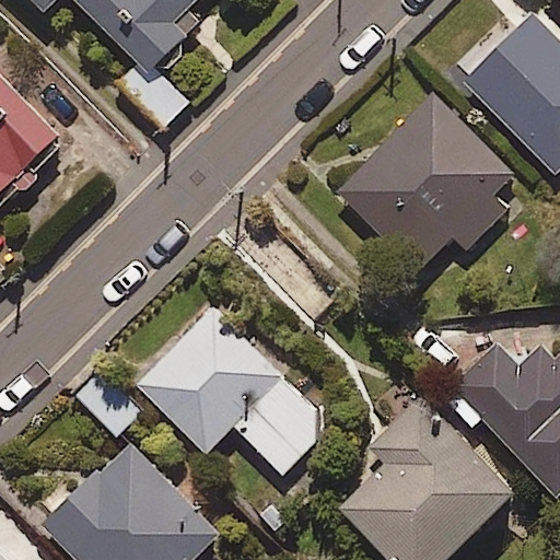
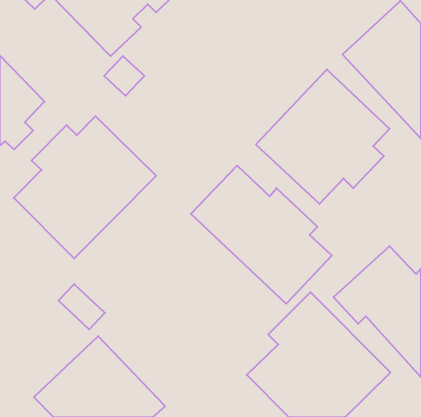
building: none -> [14,116,156,259]
building: none -> [191,166,332,304]
building: [138,308,332,475] -> none

